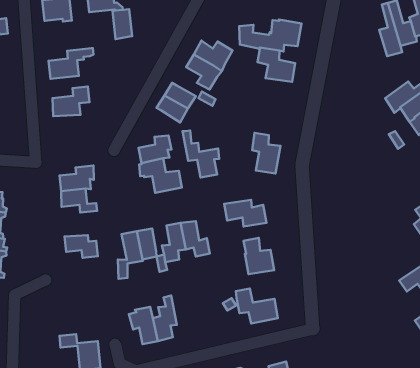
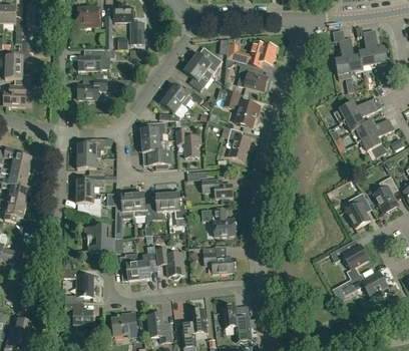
building: none -> [217,87,260,125]
building: none -> [76,173,104,192]
building: none -> [84,226,114,254]
building: none -> [156,247,183,278]

